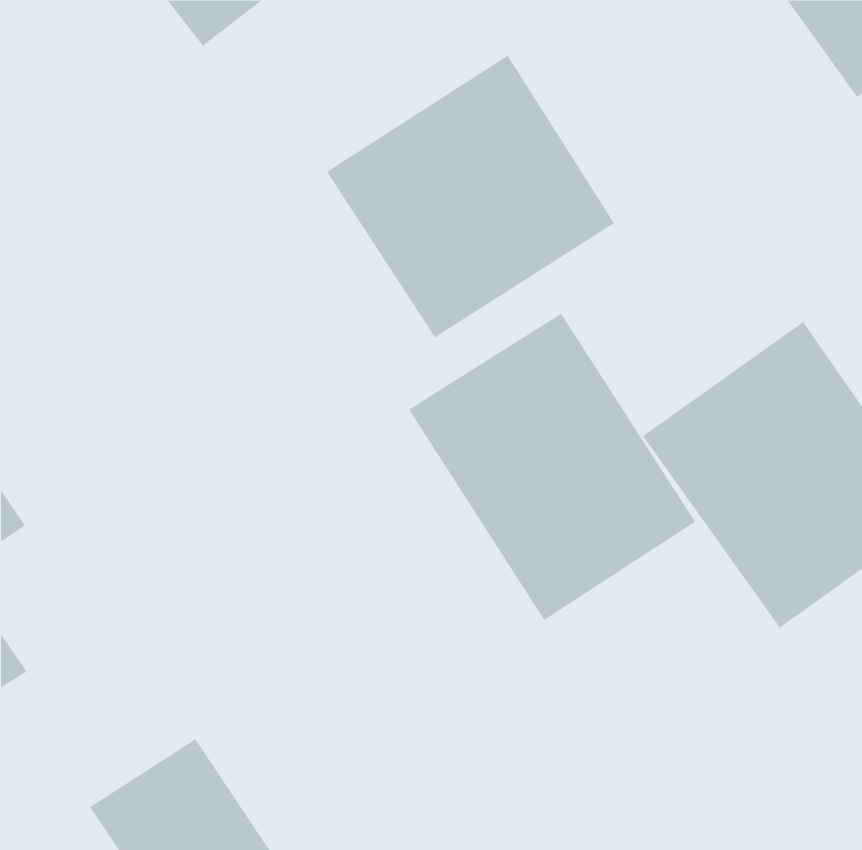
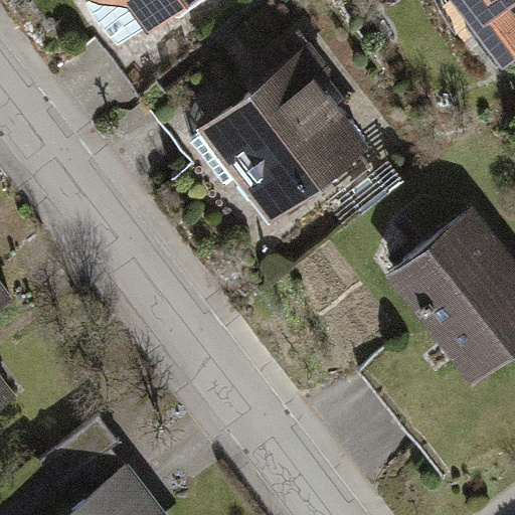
building: [408,313,696,621] -> none

